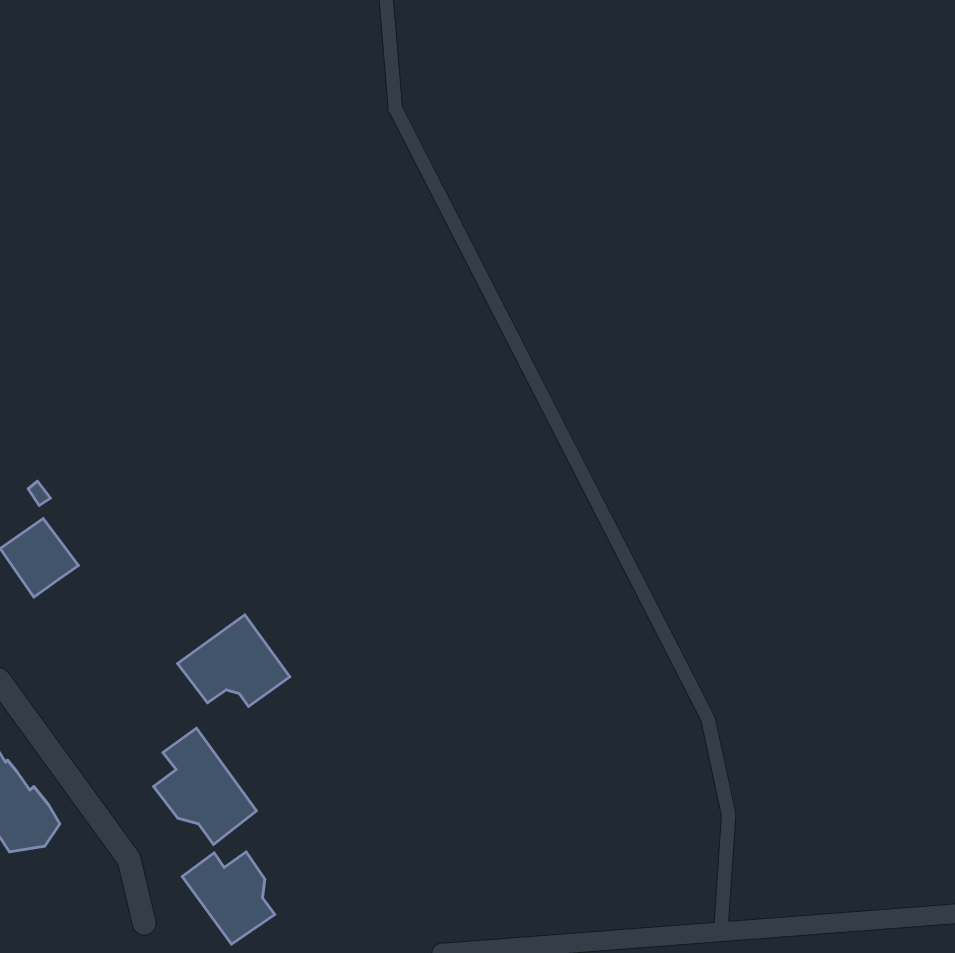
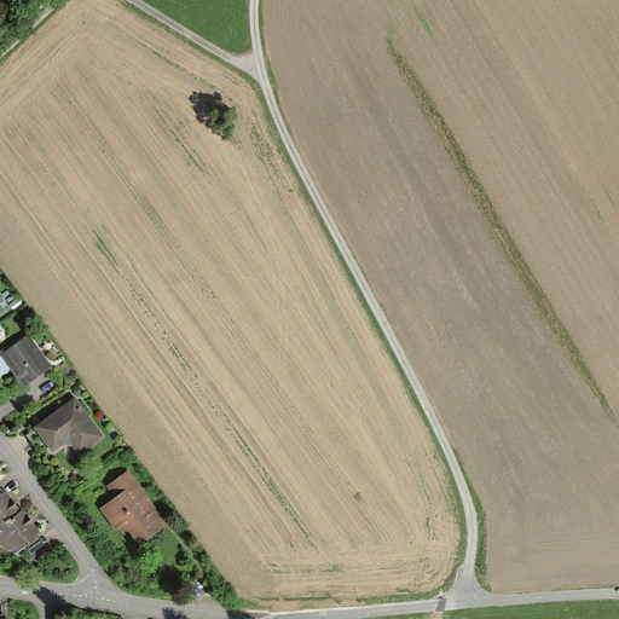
building: [177,615,290,707] -> [31,395,104,455]
building: [182,852,275,944] -> none

